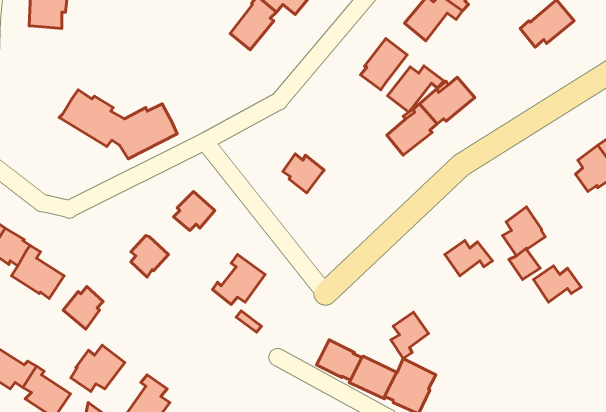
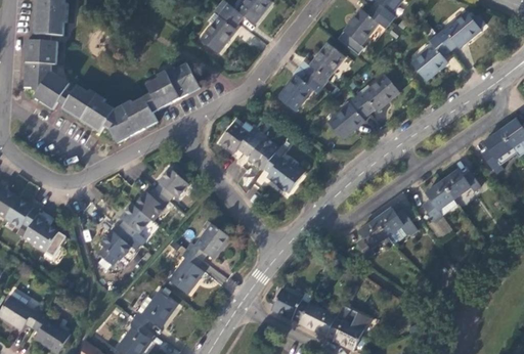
building: none -> [25,33,72,109]
building: none -> [411,35,449,81]
building: none -> [145,62,200,112]
building: [387,66,444,112] -> [277,73,323,110]
building: none -> [220,122,254,151]
building: none -> [264,152,306,192]
building: none -> [135,188,168,220]
building: [533,266,581,302] -> [442,169,481,198]
building: [63,286,103,329] -> [100,225,133,260]
building: none -> [169,248,204,294]
building: [391,312,428,359] -> [357,219,388,257]
building: [71,345,125,392] -> [133,291,177,328]

